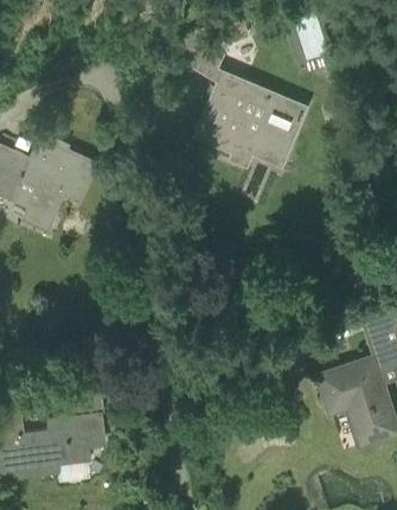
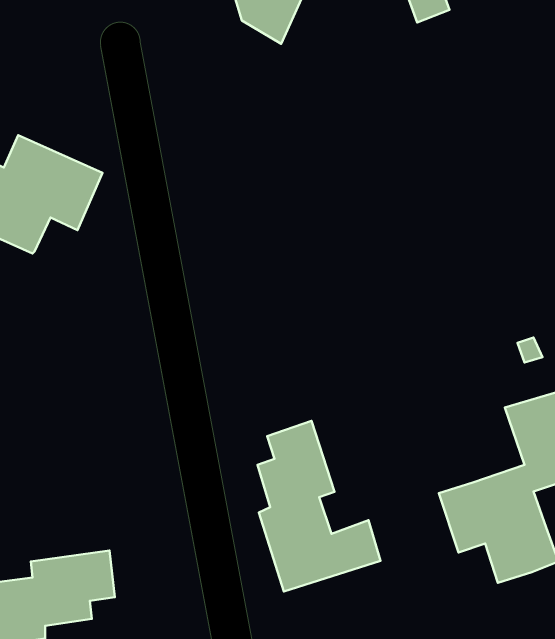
building: [191,69,308,170] -> none
building: none -> [258,421,380,591]

